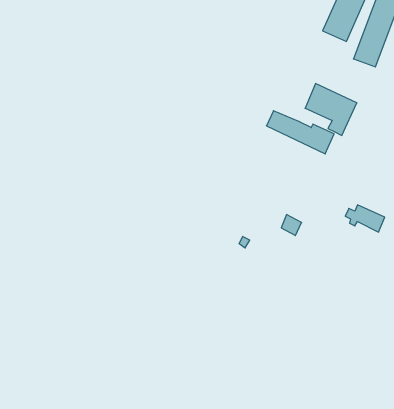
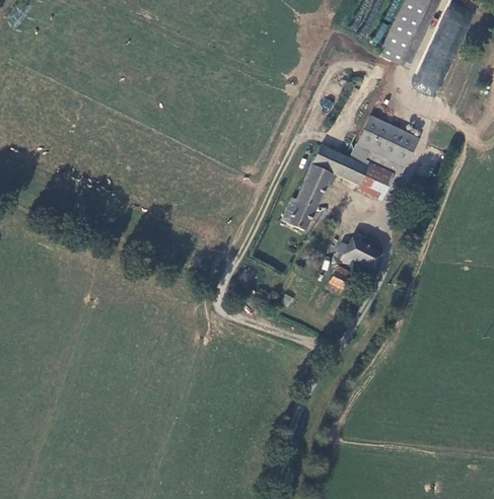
building: none -> [350,143,392,172]
building: none -> [282,165,334,230]
building: [345,205,385,232] -> [336,237,381,269]

